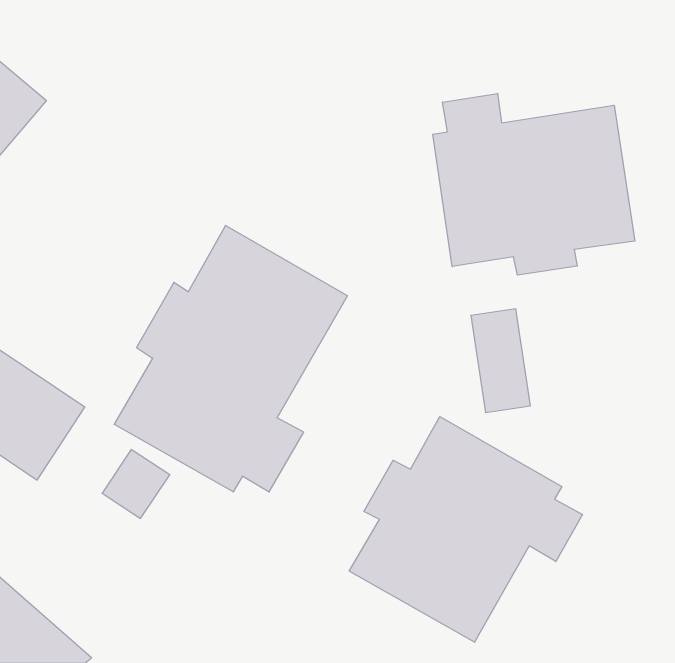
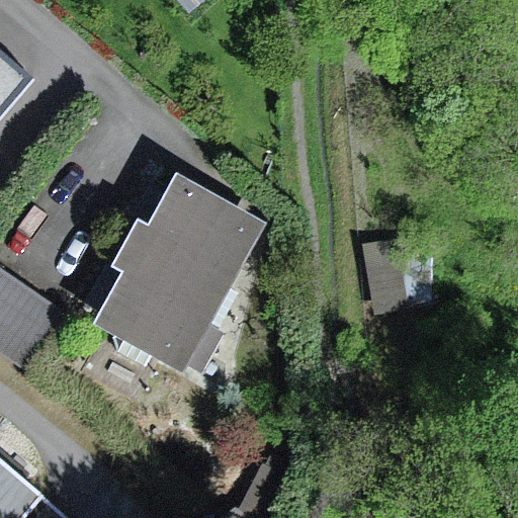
building: [433,93,635,275] -> none
building: [349,417,582,642] -> none

